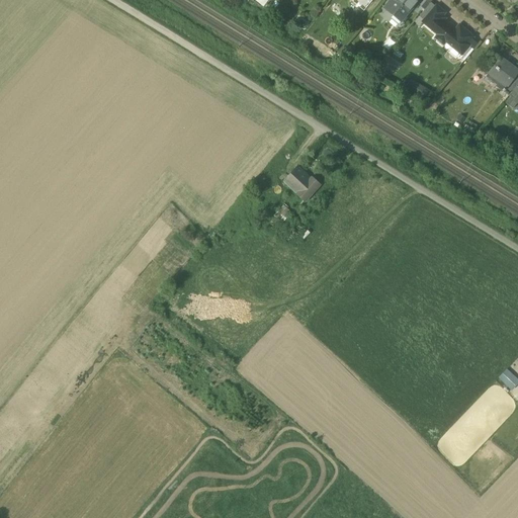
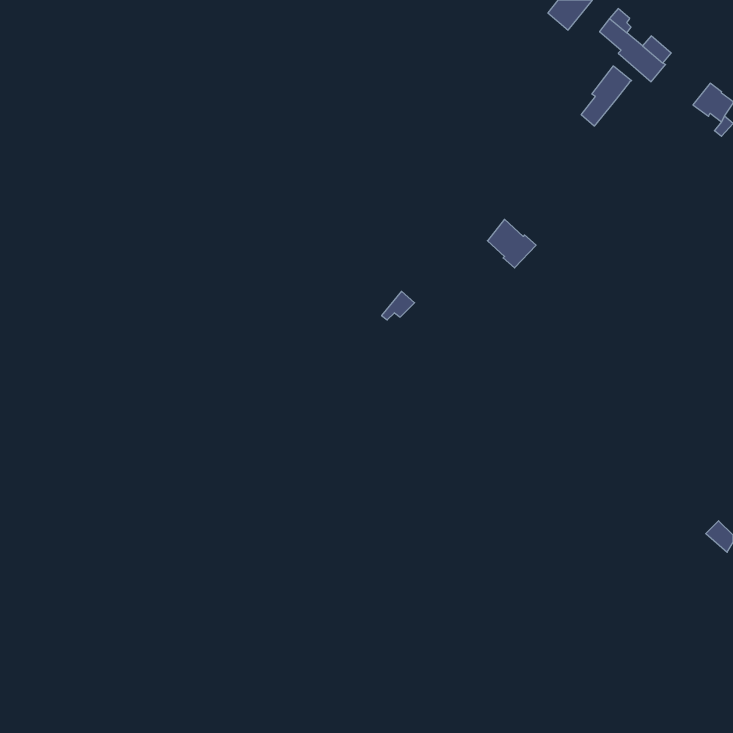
building: none -> [581,66,632,126]
building: [285,167,320,201] -> [487,219,536,268]

